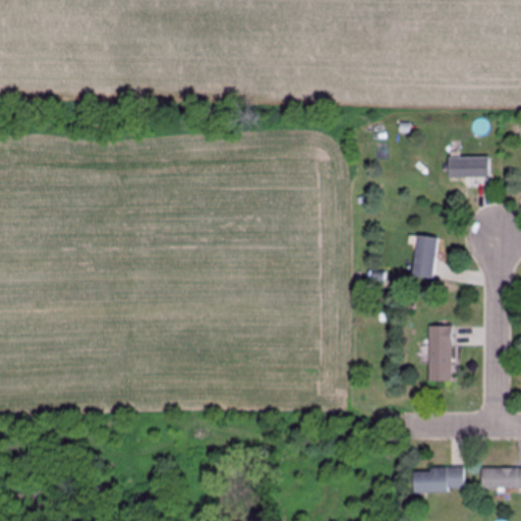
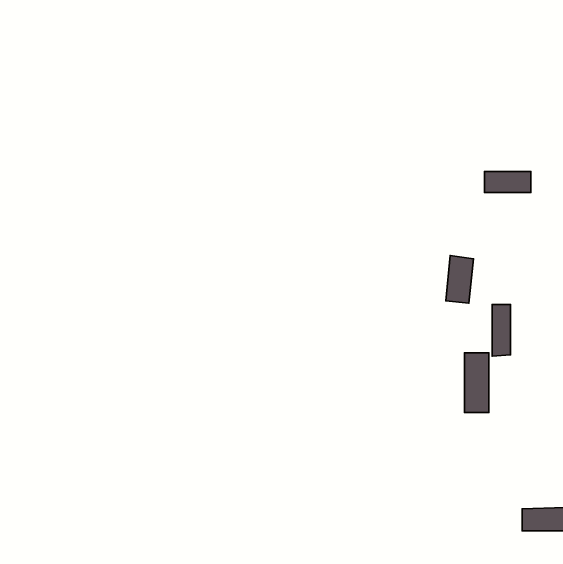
building: none -> [492,304,510,356]
building: [413,467,465,491] -> none

